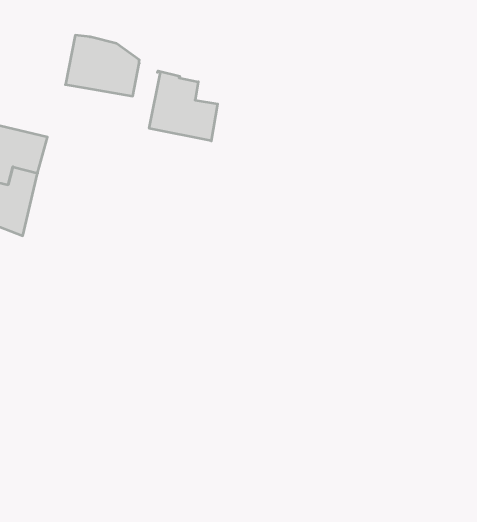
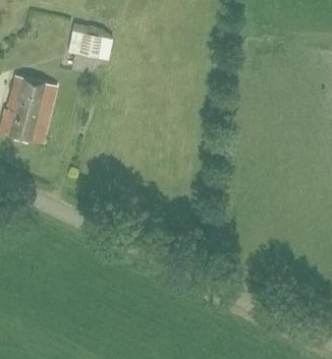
building: [149,71,218,141] -> none

